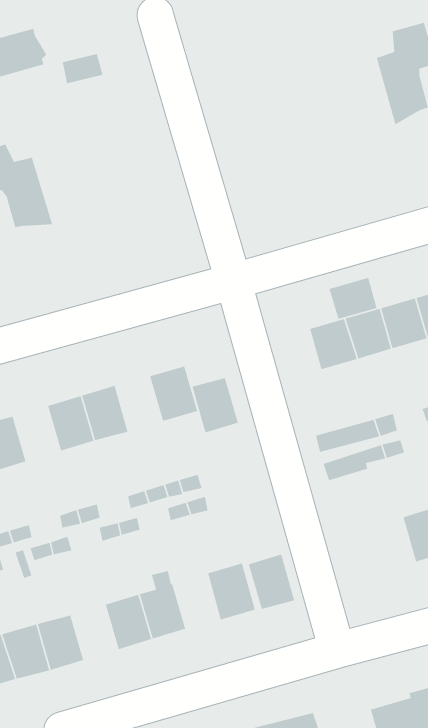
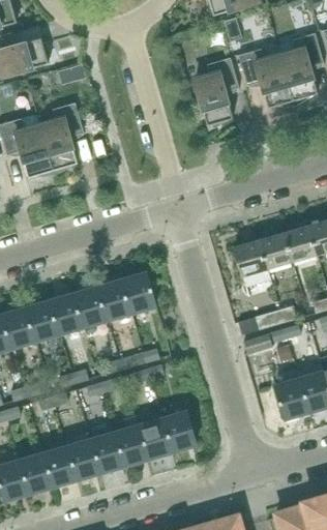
building: none -> [238,49,294,108]
building: none -> [195,58,240,128]
building: none -> [40,102,85,175]
building: [328,277,377,320] -> none
building: [191,377,239,434] -> [98,281,131,320]
building: none -> [27,301,60,341]
building: none -> [275,379,308,418]
building: [248,553,295,610] -> [139,418,172,458]
building: none -> [67,440,100,479]

